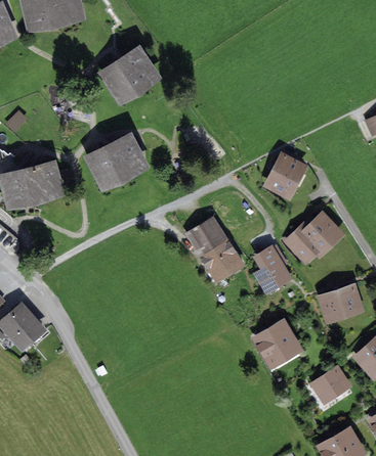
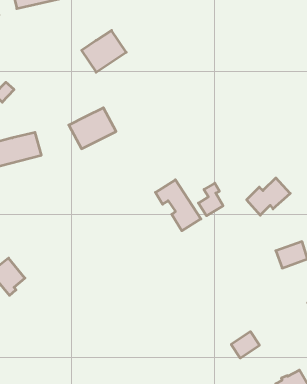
building: [269,156,302,192] -> none
building: [259,250,287,287] -> [198,183,223,216]
building: [258,323,297,362] -> none
building: [315,369,346,399] -> [231,332,259,358]

